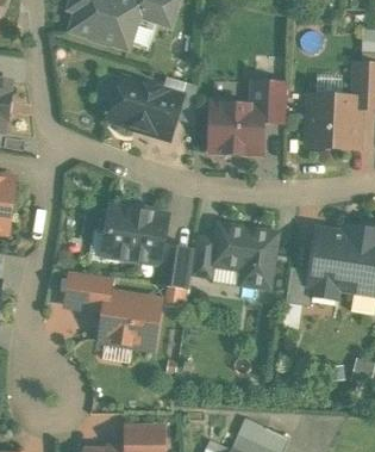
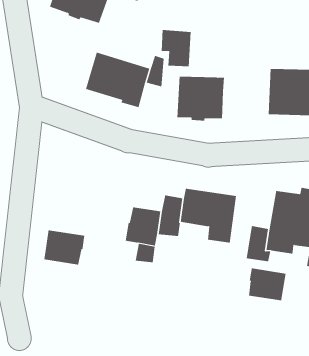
building: [254,81,287,122] -> [161,30,192,67]
building: [104,206,165,262] -> none
building: [100,292,160,346] -> none
building: none -> [249,267,286,301]

